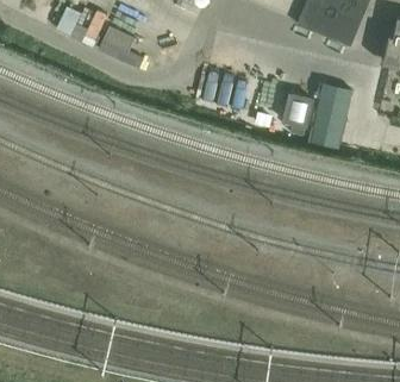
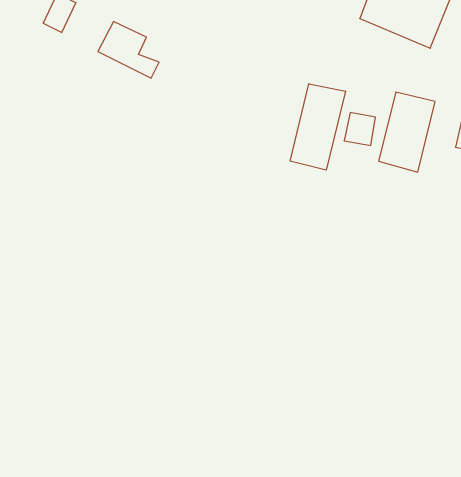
building: none -> [290,84,345,170]

